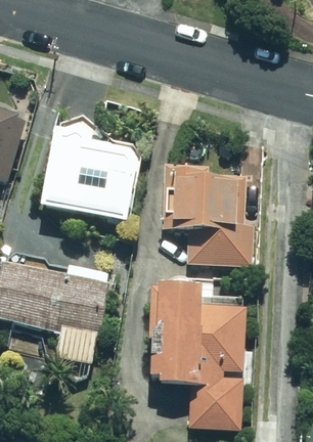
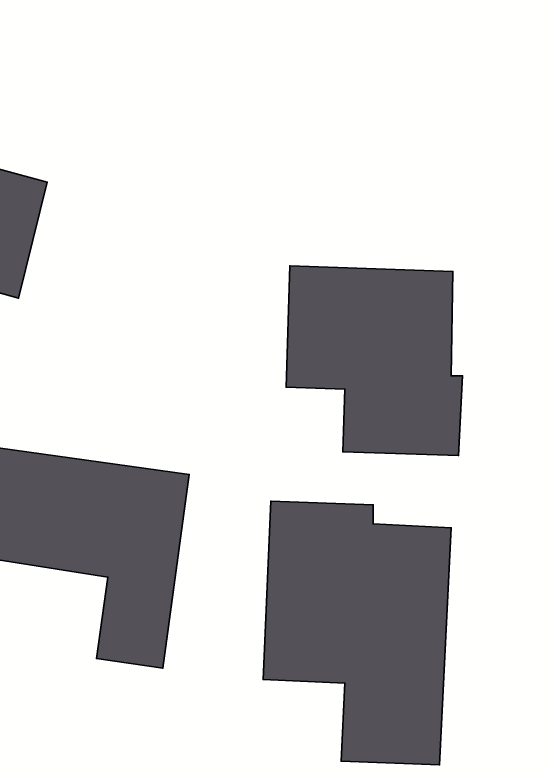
building: [51,124,142,219] -> none

